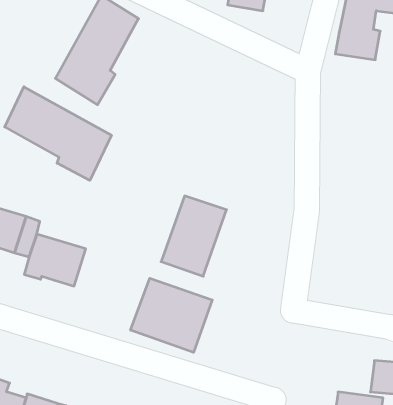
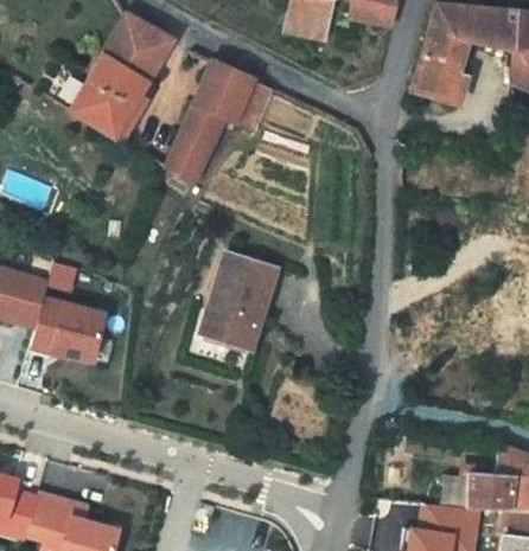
building: none -> [168,66,275,191]
building: [5,87,111,180] -> none
building: [131,278,212,352] -> none

